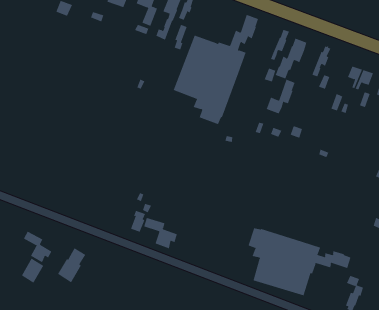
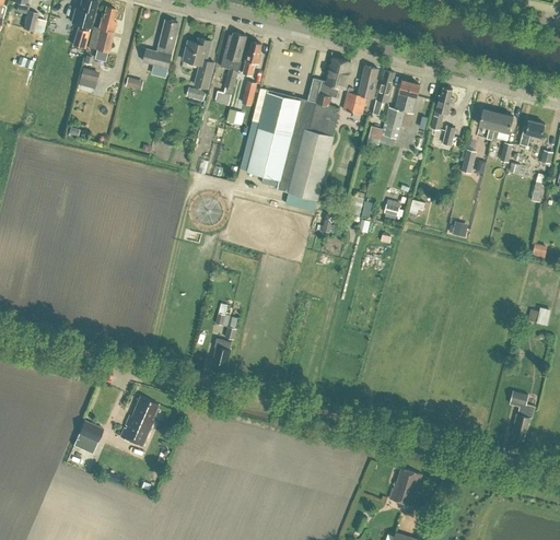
building: [266,79,295,114] -> [342,66,377,114]
building: [143,217,178,249] -> none
building: [248,227,351,296] -> none
building: [23,231,52,263] -> none

